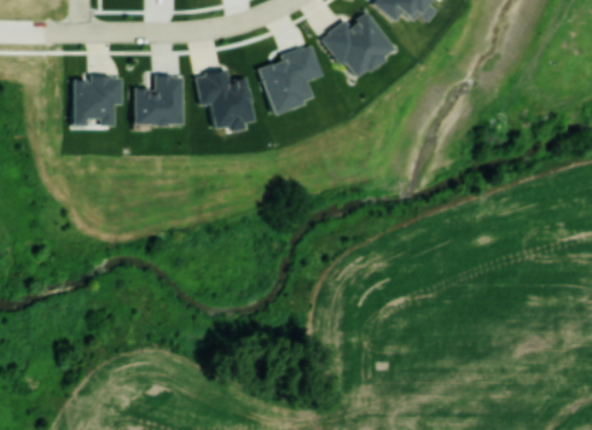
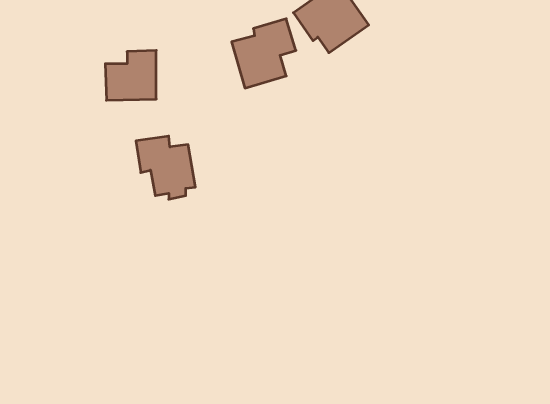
building: [196,70,255,133] -> [136,136,195,199]
building: [72,77,122,127] -> none

